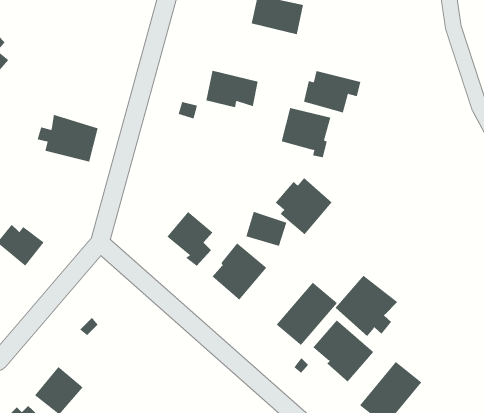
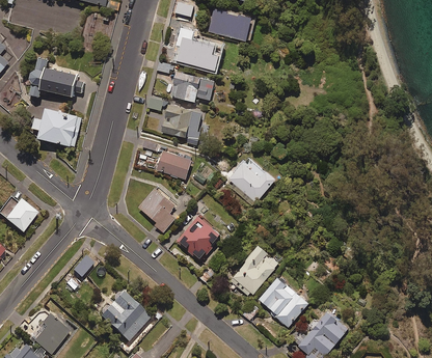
building: none -> [30,57,82,94]
building: [303,70,361,113] -> [174,36,222,72]
building: [281,108,331,158] -> [161,104,203,145]
building: [246,211,287,246] -> [157,150,191,180]
building: [335,275,398,337] -> none
building: none -> [100,291,151,341]

